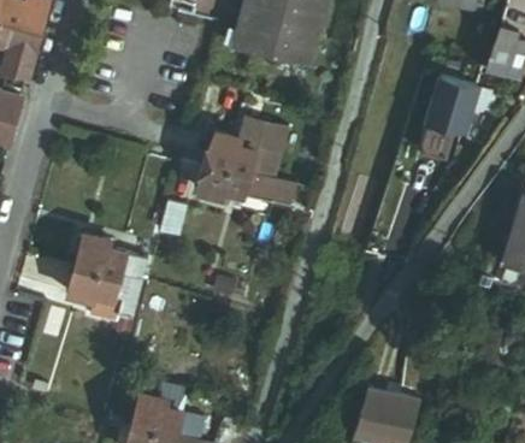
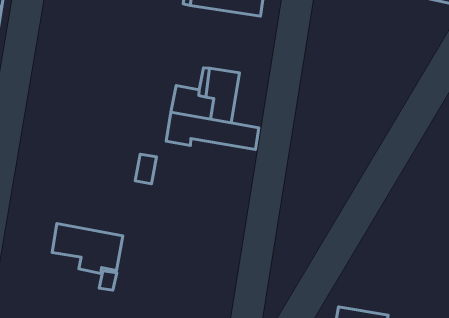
building: [412,75,470,159] -> none
building: [75,234,149,284] -> none

